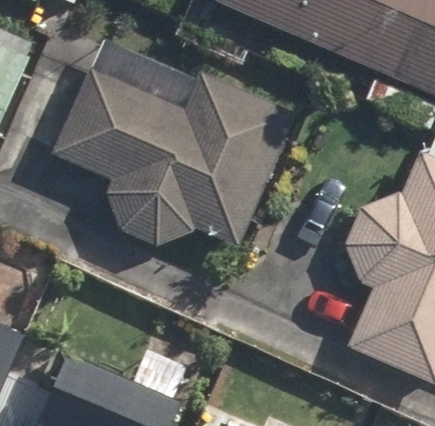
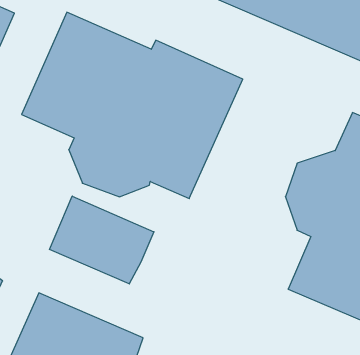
building: none -> [50,196,154,284]

